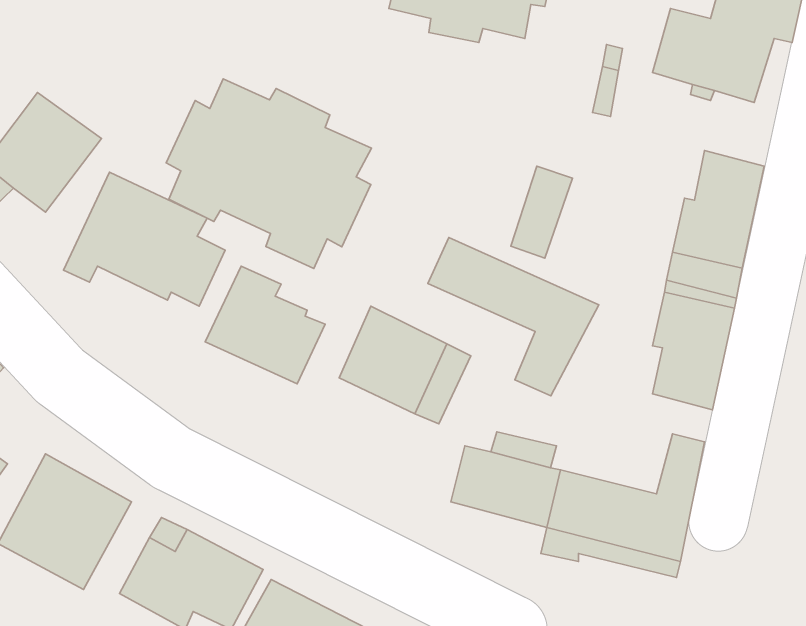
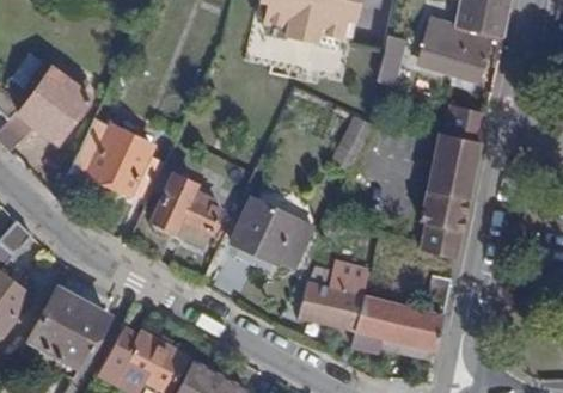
building: [166,79,371,269] -> none
building: [428,238,599,396] -> none

